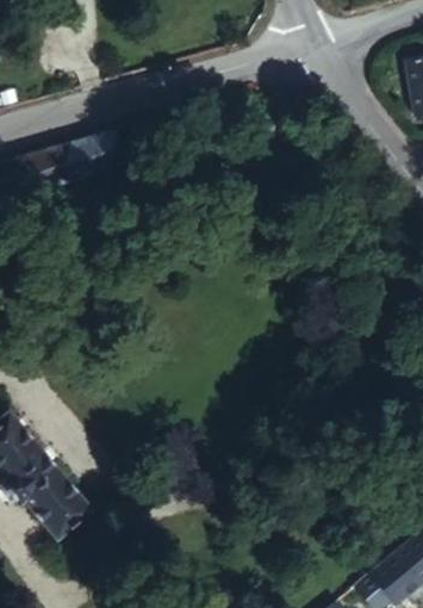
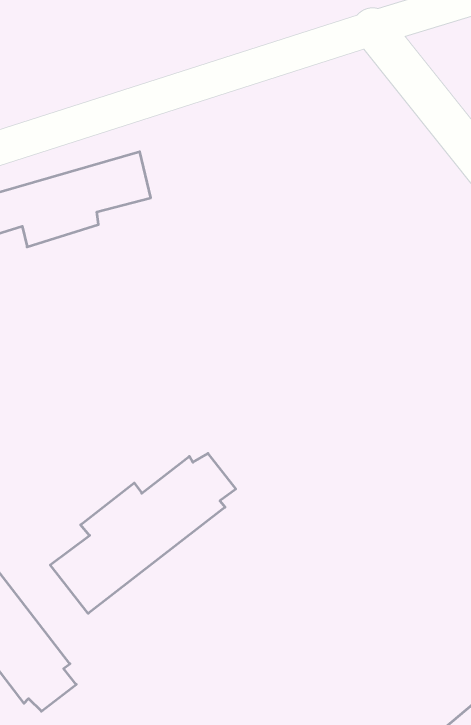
building: none -> [50,453,236,613]

